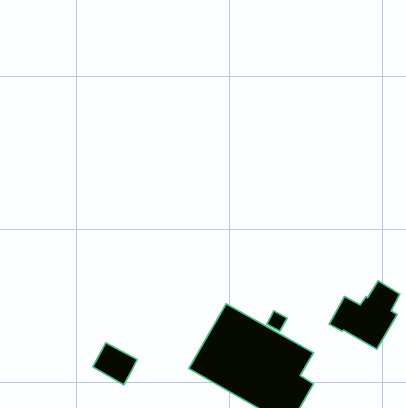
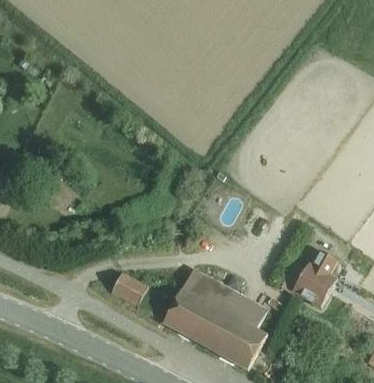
building: [93,343,137,385] -> [111,271,148,306]

